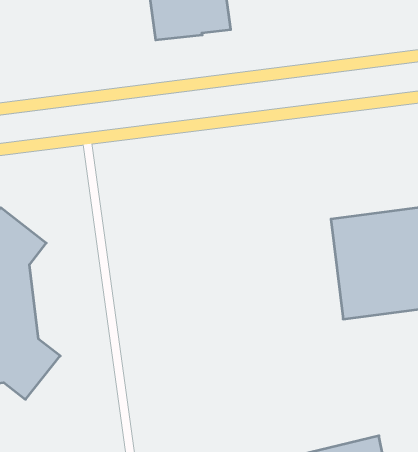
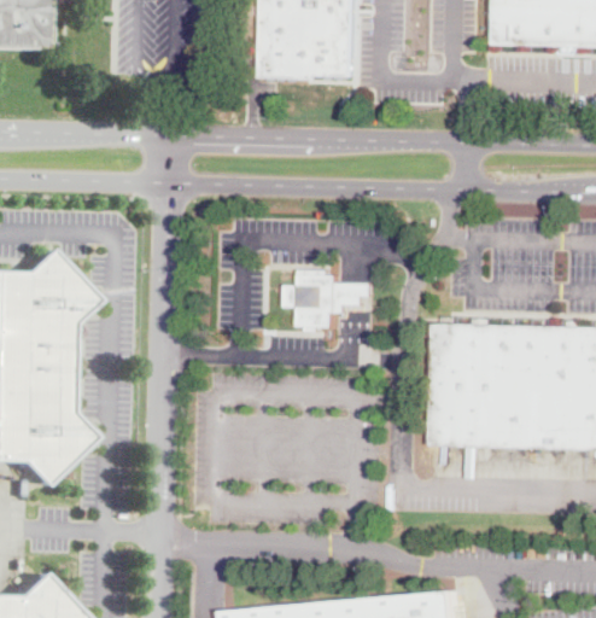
building: none -> [288,269,375,331]

